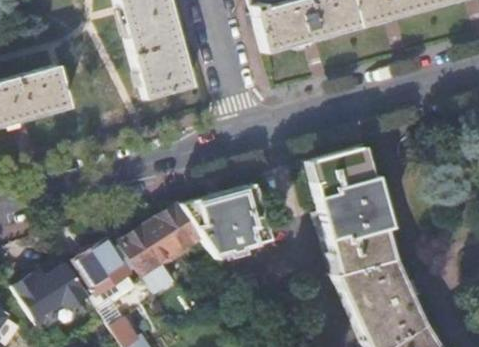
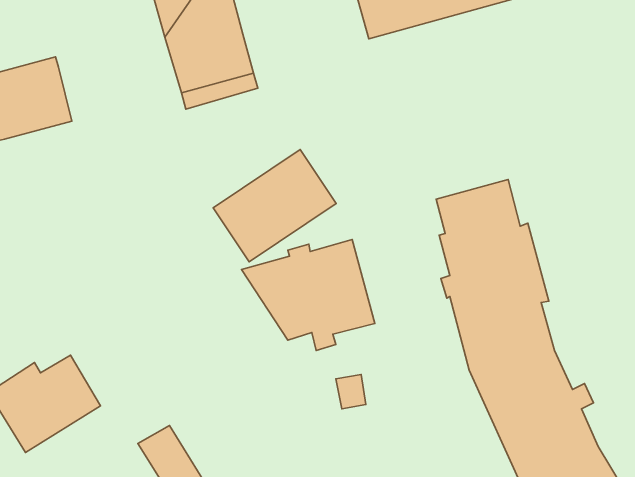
building: [120,204,202,279] -> [213,149,336,262]
building: [72,239,138,309] -> none

